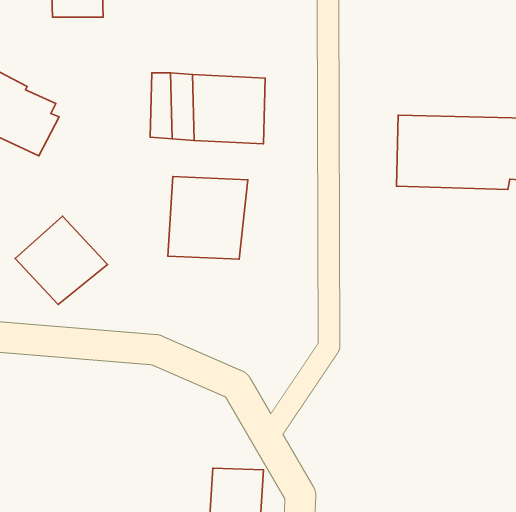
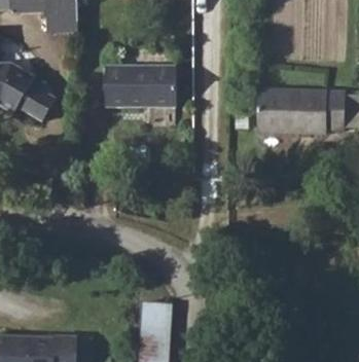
building: [168,176,248,259] -> none
building: [15,216,107,305] -> none

